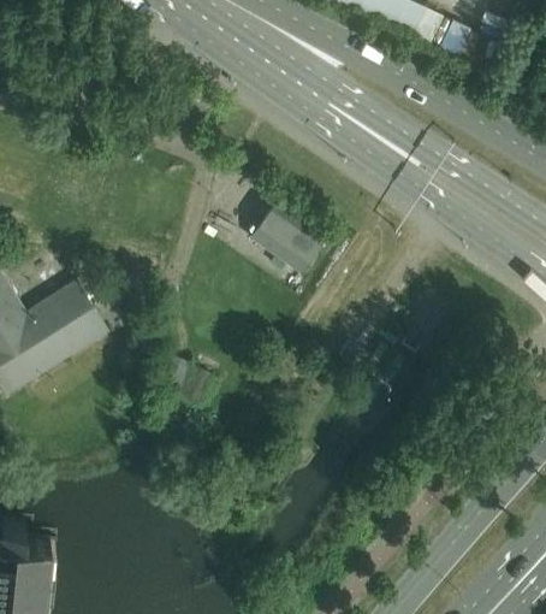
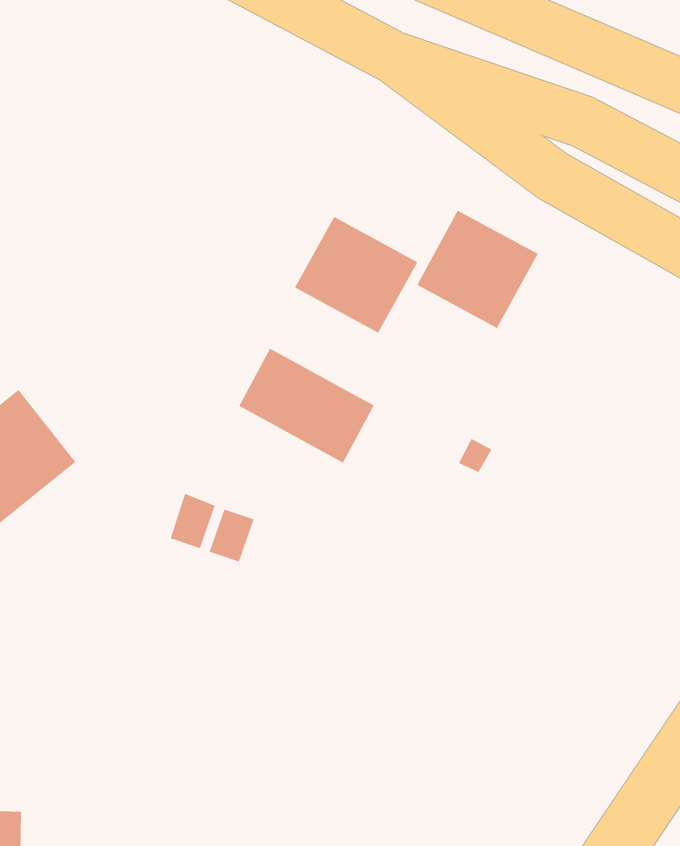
building: none -> [416,210,538,329]
building: none -> [238,348,375,463]

